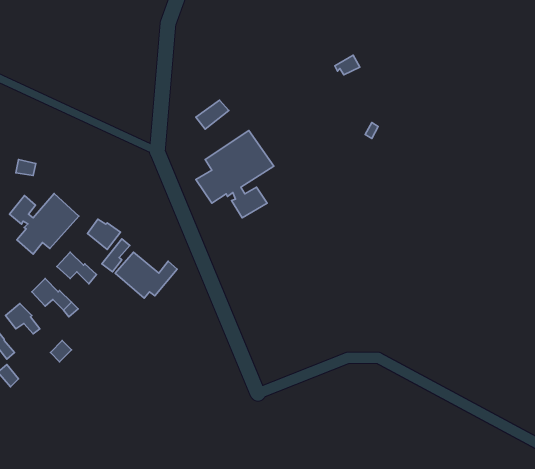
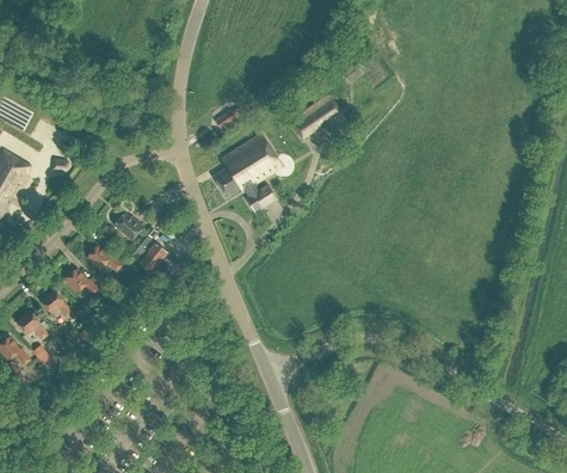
building: none -> [288,93,340,140]
building: [10,193,79,254] -> none

